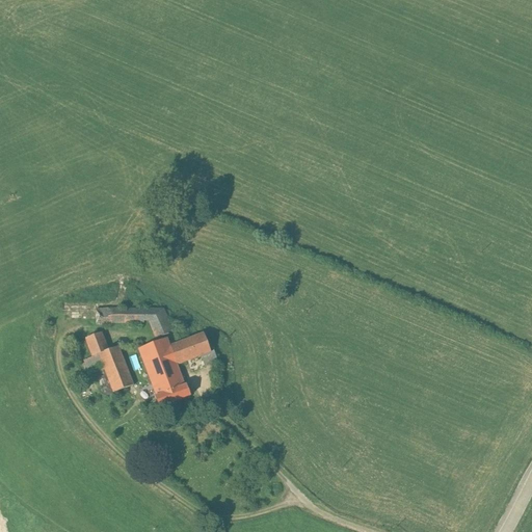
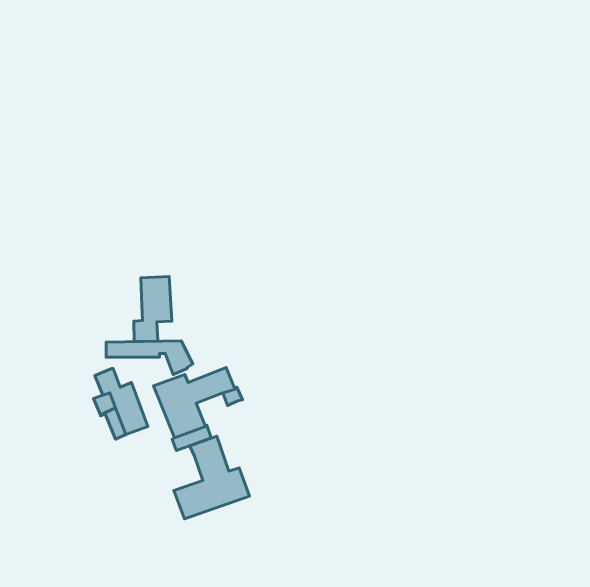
building: none -> [134,276,172,342]
building: none -> [174,436,250,519]

